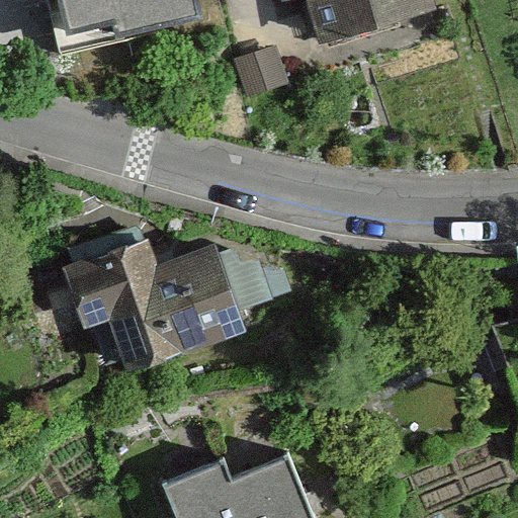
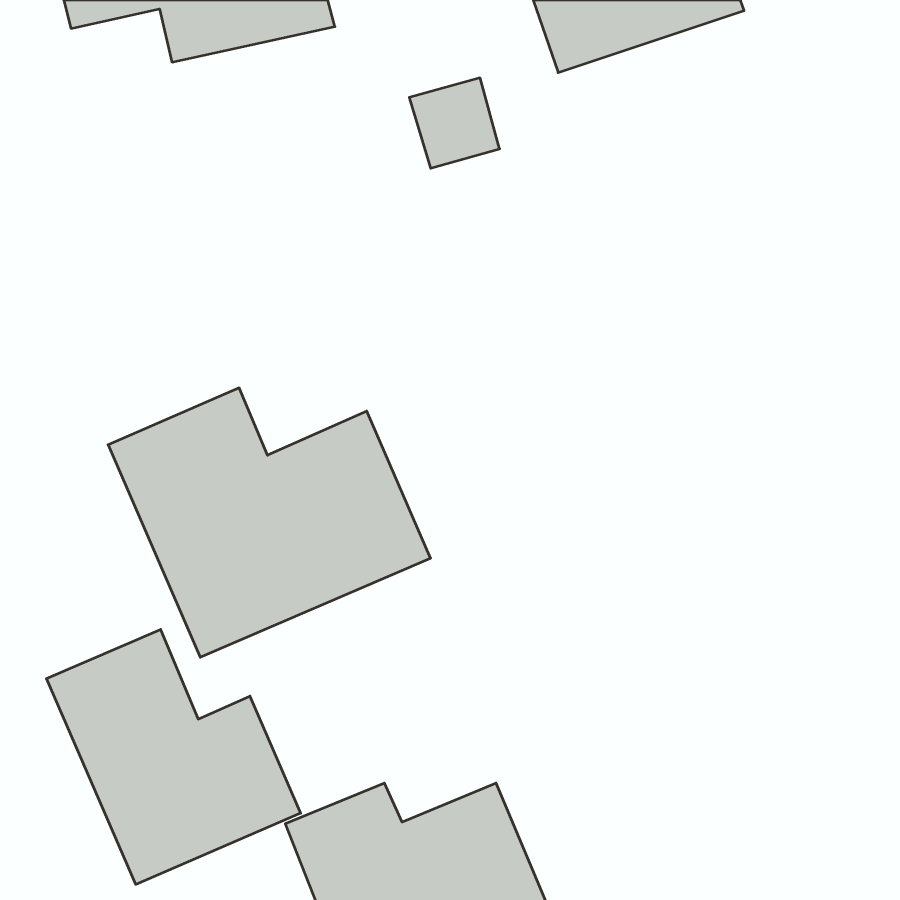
building: none -> [46,629,301,884]

